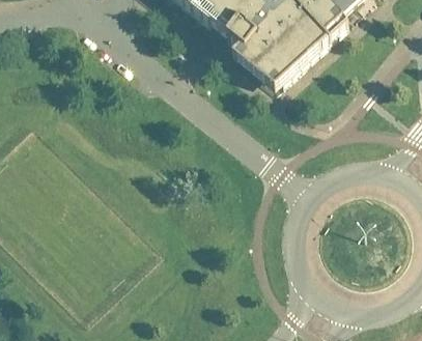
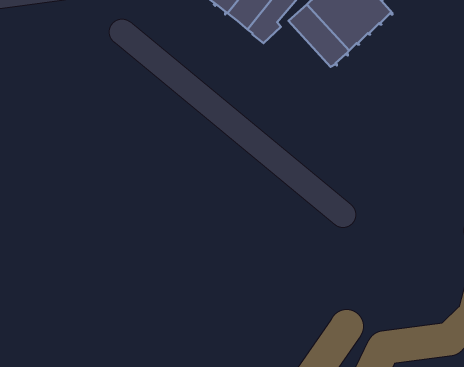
building: [234,25,299,85] -> none

